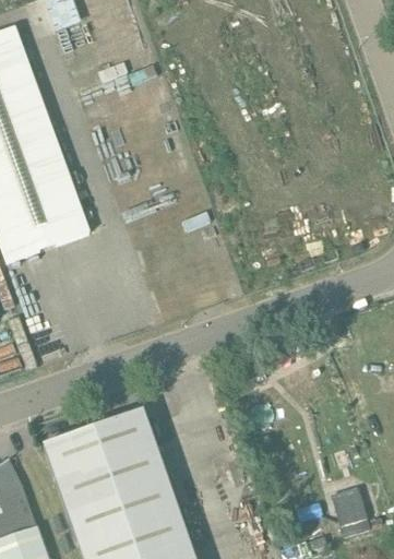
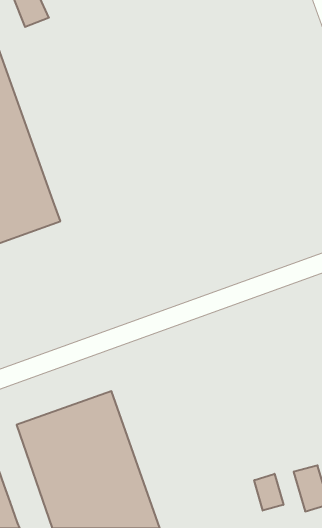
building: none -> [254,474,283,511]

